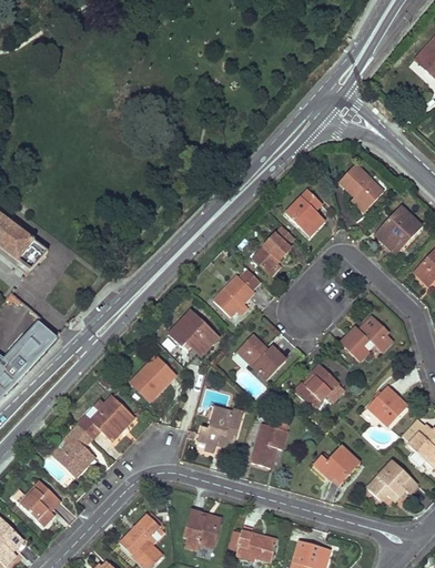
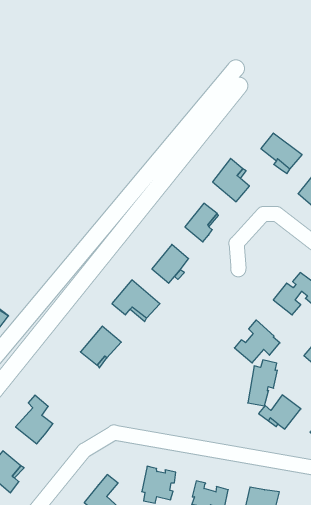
building: [237,335,285,378] -> none
building: [78,396,133,440] -> none
building: [198,407,242,450] -> none
building: [252,417,286,466] -> [248,360,277,406]

